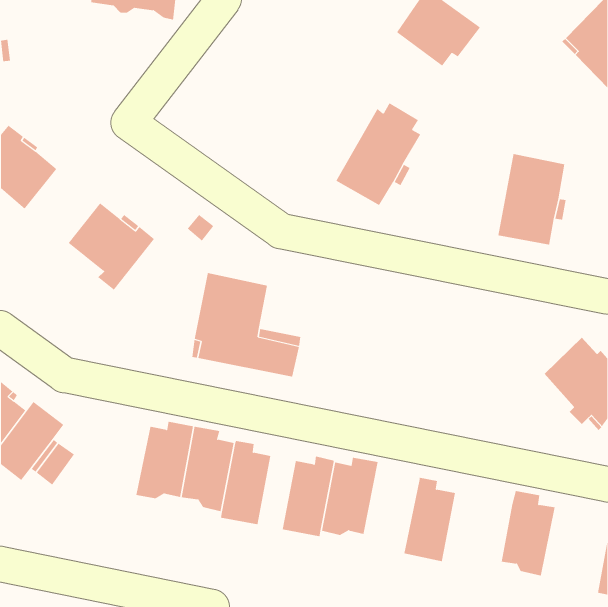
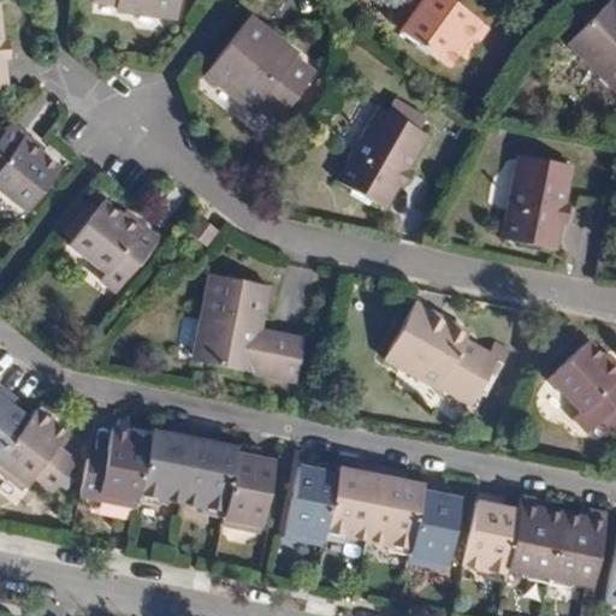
building: none -> [205,19,313,123]
building: none -> [384,304,508,403]
building: none -> [81,428,150,505]
building: none -> [368,467,424,555]
building: none -> [463,493,517,579]
building: none -> [547,508,605,586]

